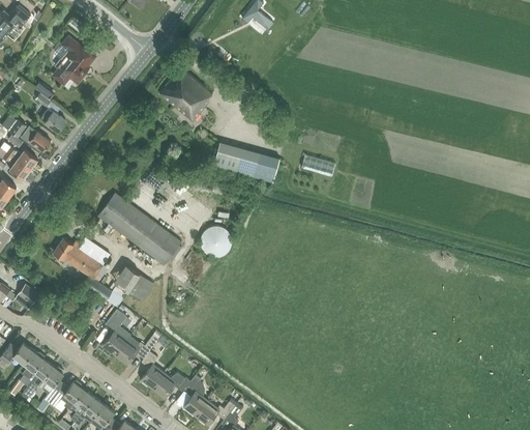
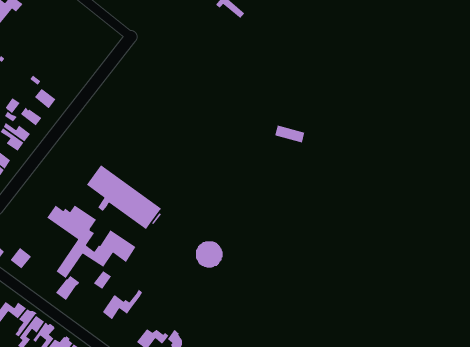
building: [52,34,95,86] -> none
building: [157,66,211,122] -> none
building: [210,143,277,184] -> none
building: [200,226,231,257] -> [195,240,223,269]
building: [102,326,130,355] -> [55,275,80,301]
building: [141,351,165,389] -> none

